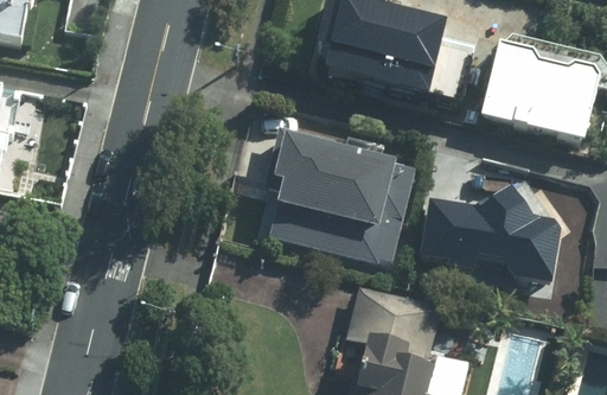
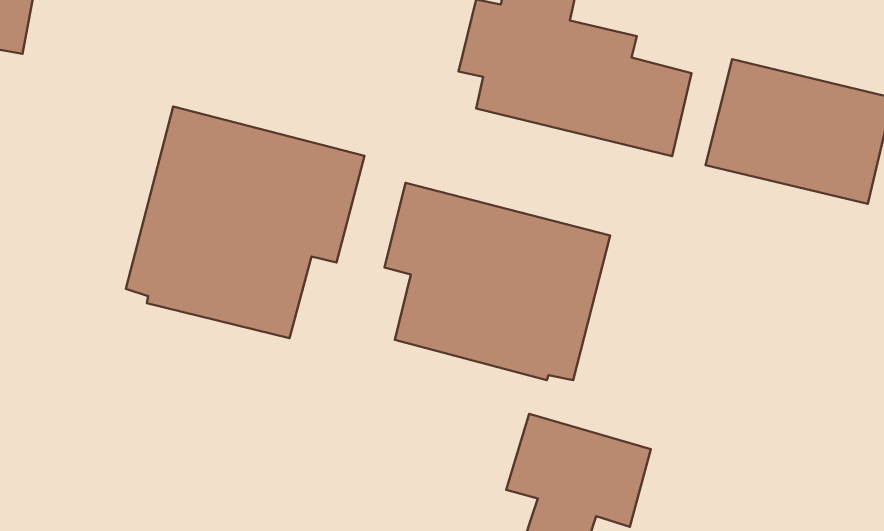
building: none -> [126,107,365,338]
building: [420,190,557,283] -> none

